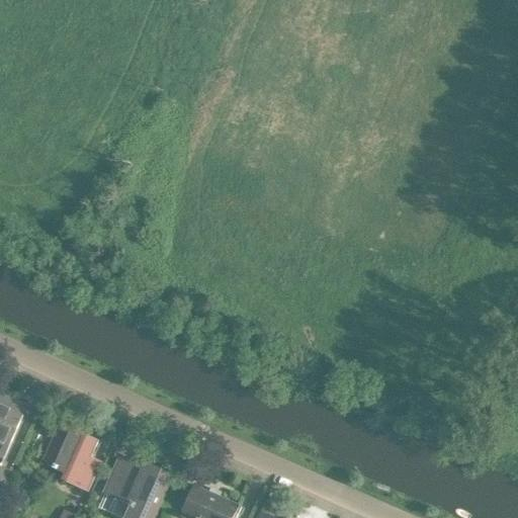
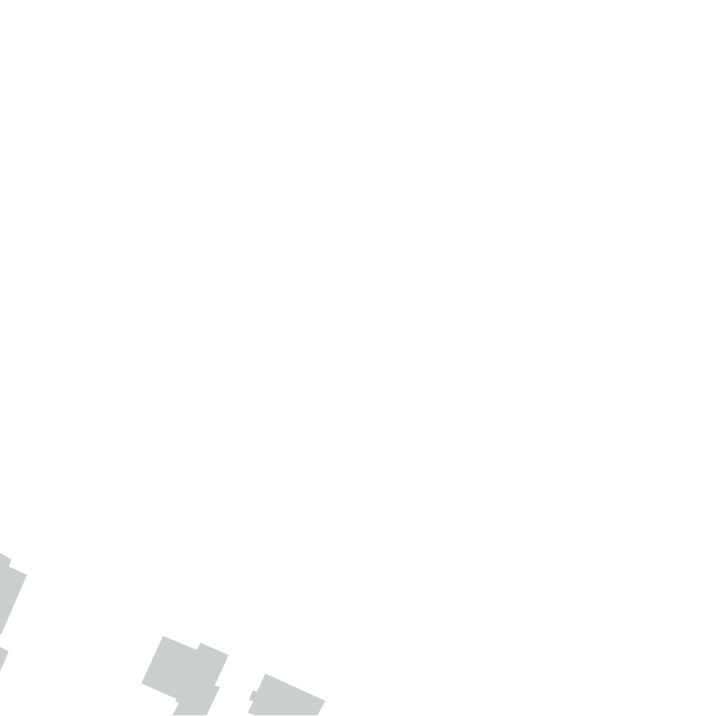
building: [40,425,97,490] -> none

